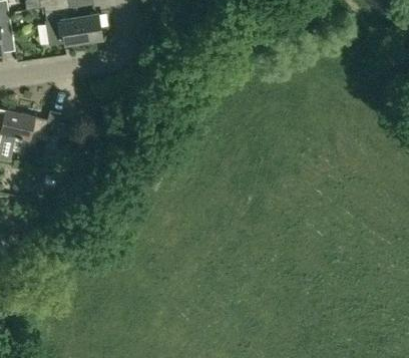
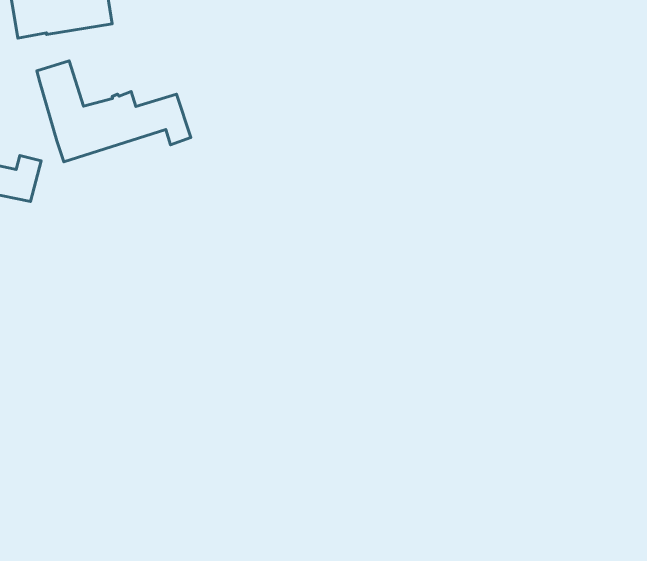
building: none -> [37,61,191,162]

